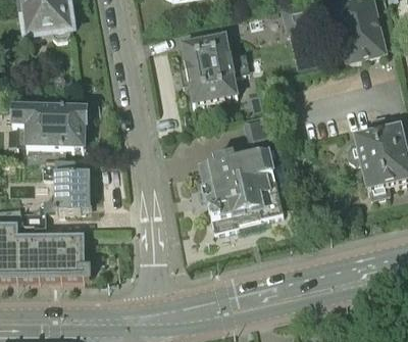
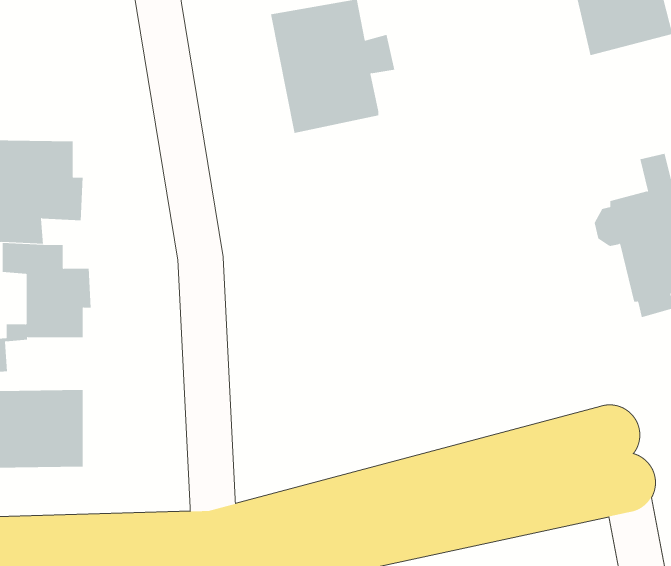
building: [200,108,283,230] -> none

